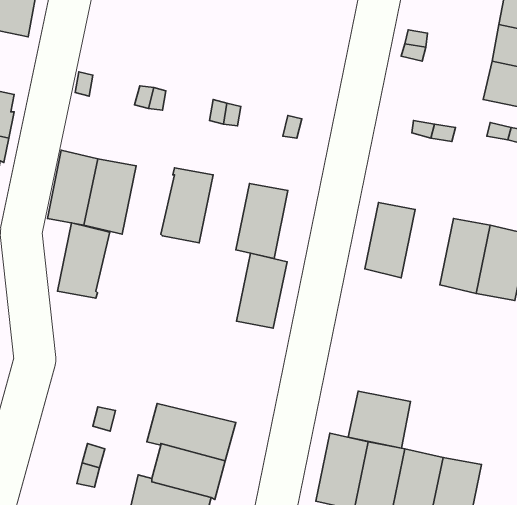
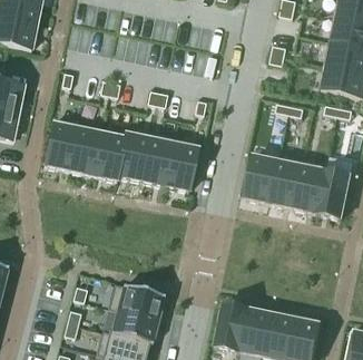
building: none -> [269,159,303,207]
building: [58,223,110,298] -> [91,132,125,179]
building: [236,253,287,328] -> [140,137,173,185]
building: [348,391,410,448] -> none

